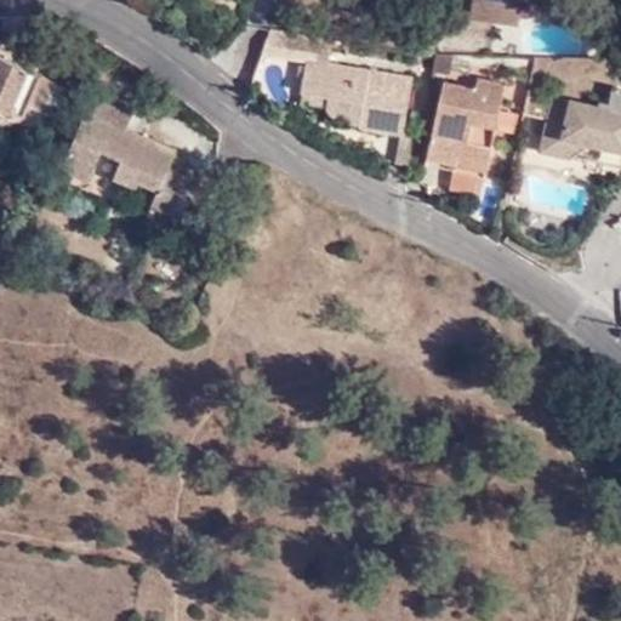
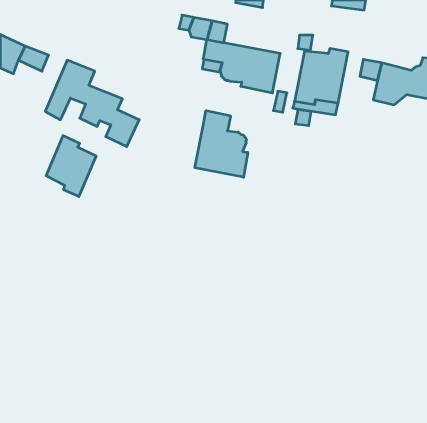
building: none -> [195,111,248,177]
building: none -> [46,136,96,197]

